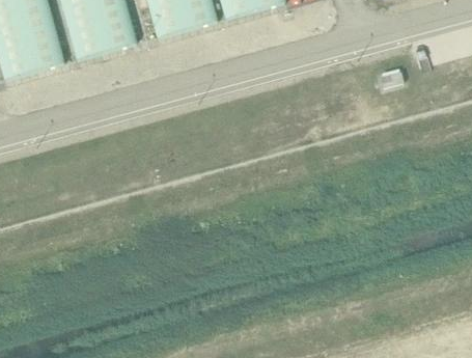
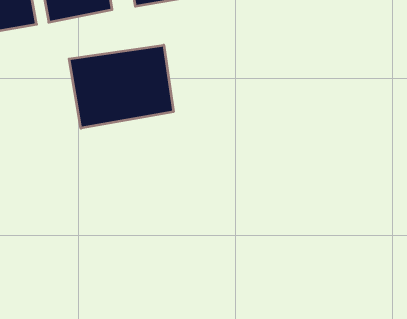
building: none -> [69,45,173,128]

